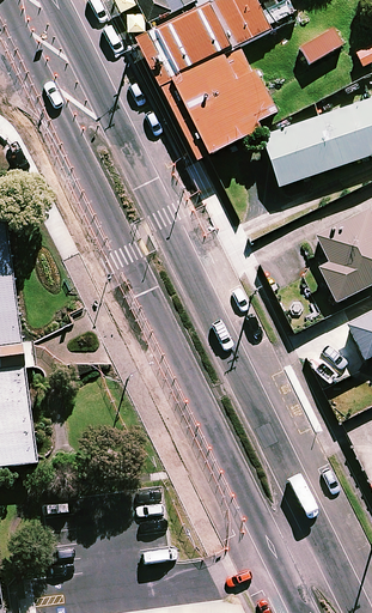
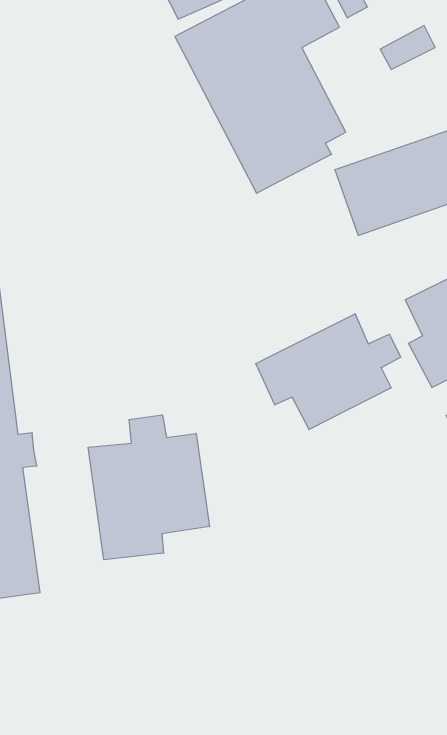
building: none -> [256,314,401,430]
building: none -> [88,415,210,560]

